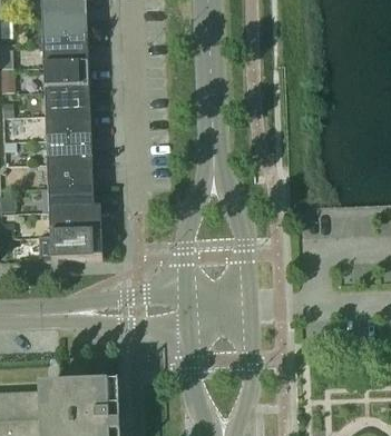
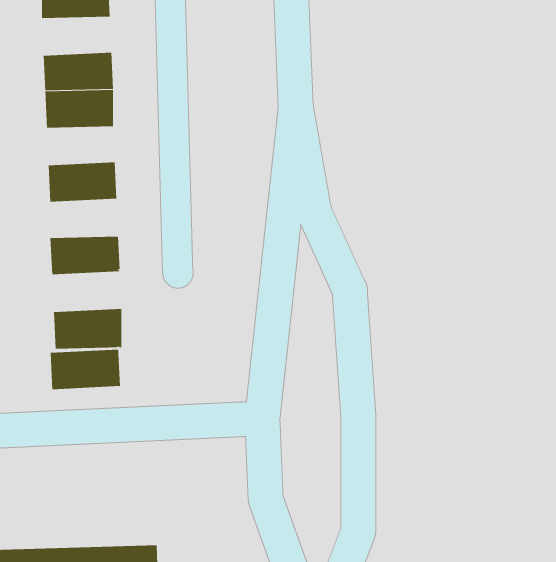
building: [41,38,88,63] -> none
building: [45,110,90,136] -> none
building: [47,158,92,184] -> none
building: [48,205,95,232] -> [50,347,121,390]

